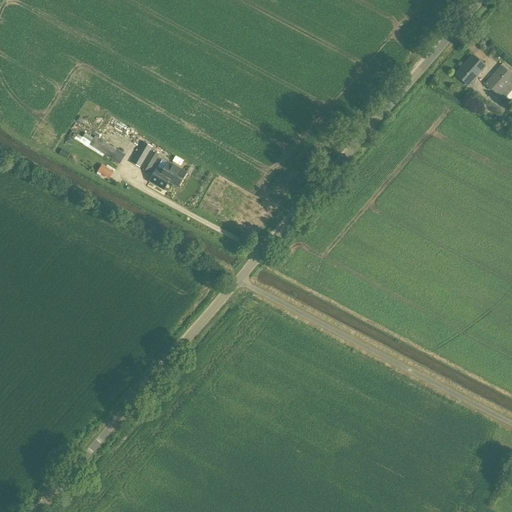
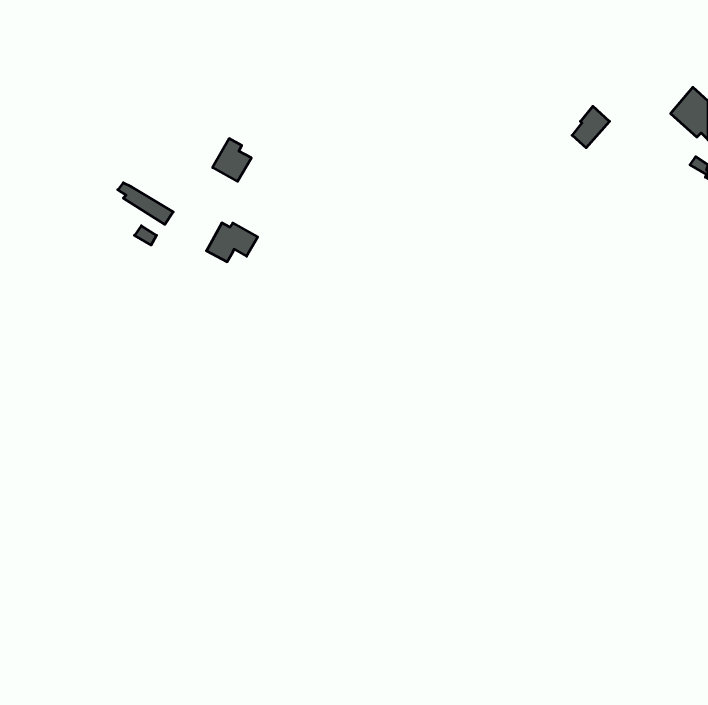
building: [457,54,484,84] -> [572,106,610,148]
building: [131,140,159,171] -> [213,139,251,181]

